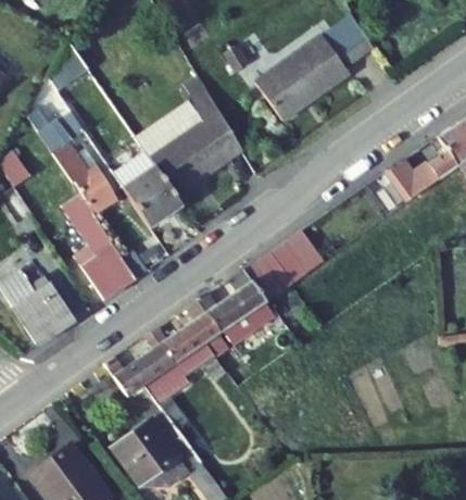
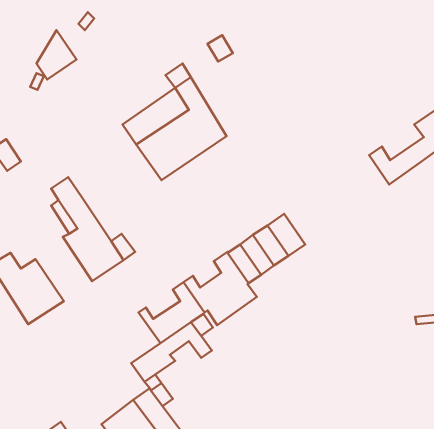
building: [256,14,374,121] -> none
building: [40,113,117,212] -> none
building: [113,150,182,226] -> none
building: [105,332,175,396] -> none

